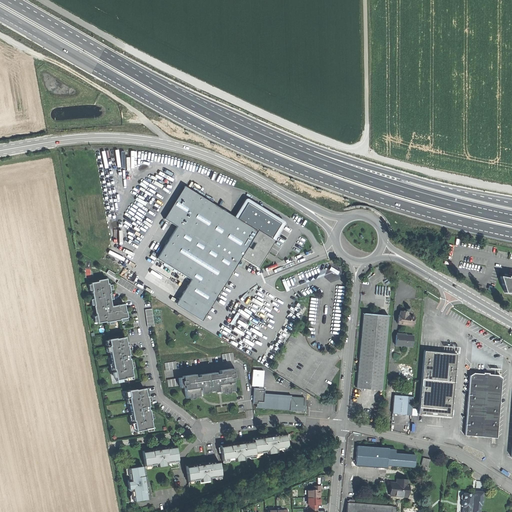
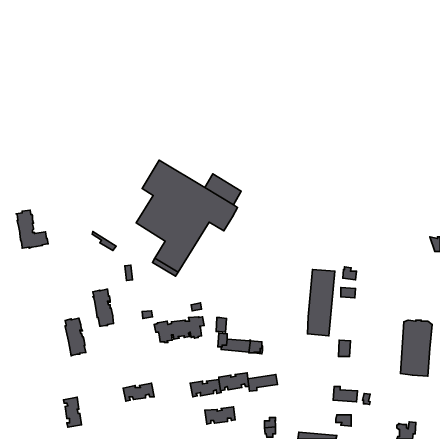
building: [90,278,127,322] -> [16,210,48,248]
building: [418,350,456,416] -> none
building: [128,387,152,431] -> [65,318,86,356]
building: none -> [248,375,277,391]
building: [356,445,388,467] -> none
building: [187,461,222,481] -> [205,407,235,424]
building: [128,466,149,501] -> [63,397,82,427]

